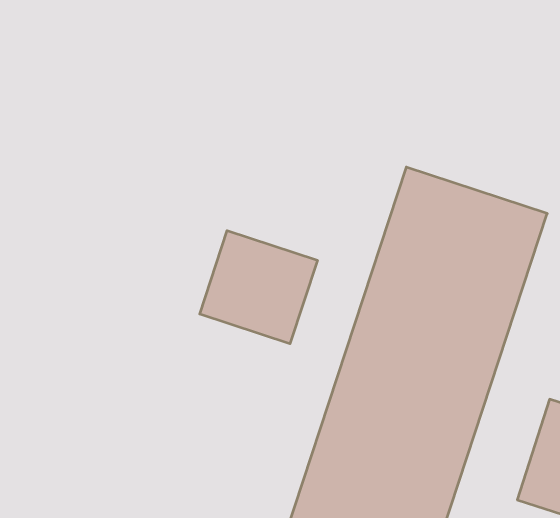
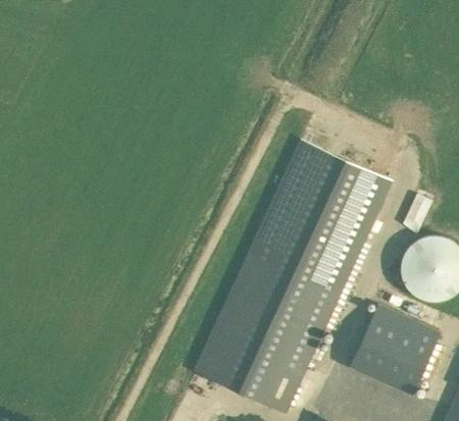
building: [200,231,317,344] -> none

